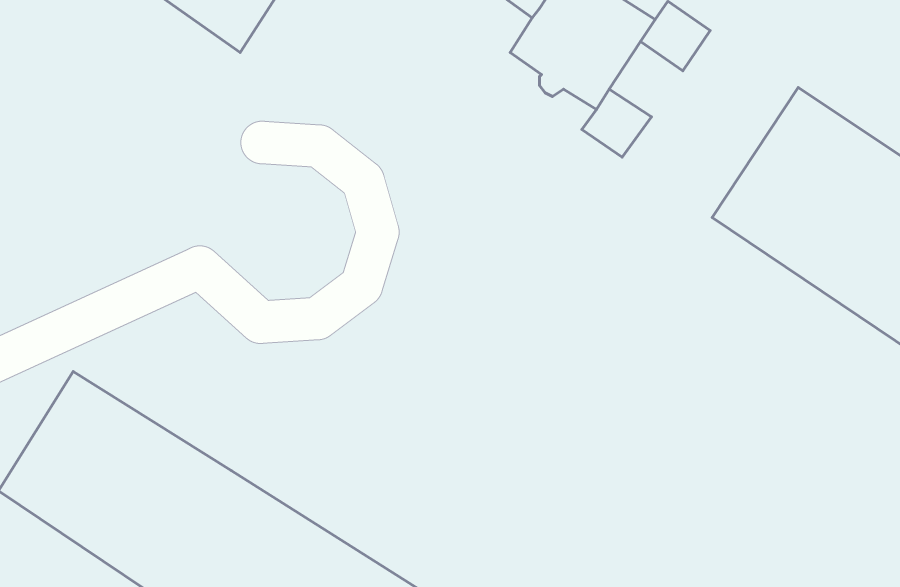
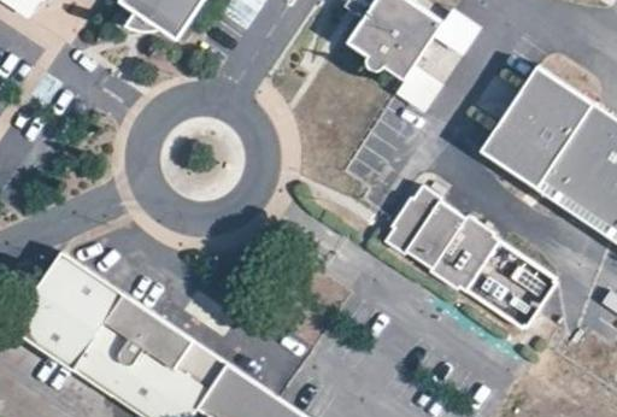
building: none -> [384,186,557,330]

